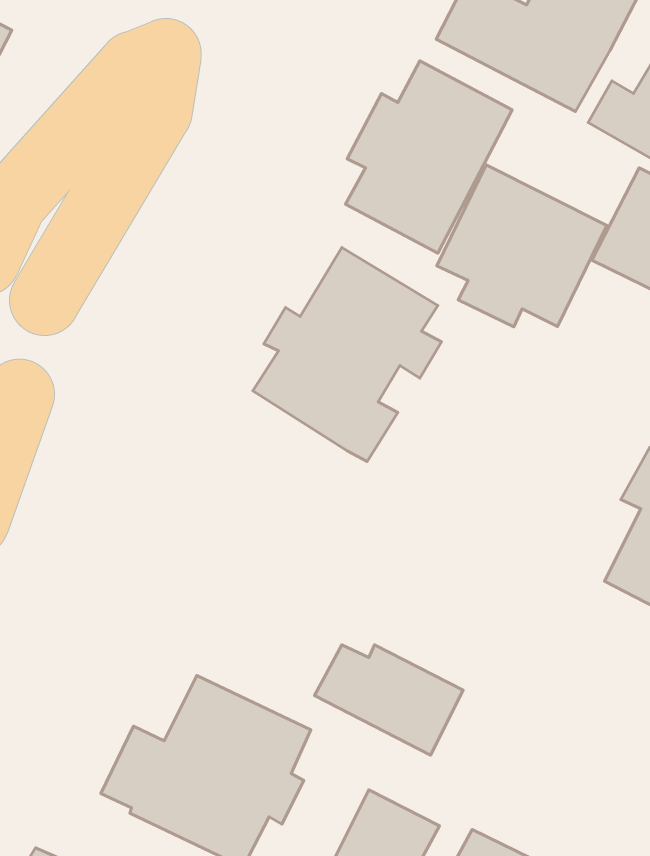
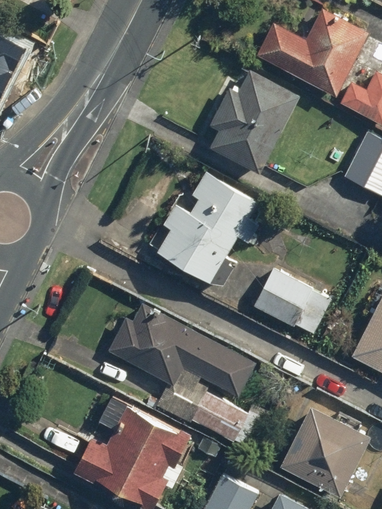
building: [437,165,607,327] -> none
building: none -> [255,269,332,336]
building: none -> [107,300,256,395]
building: none -> [280,406,370,497]

